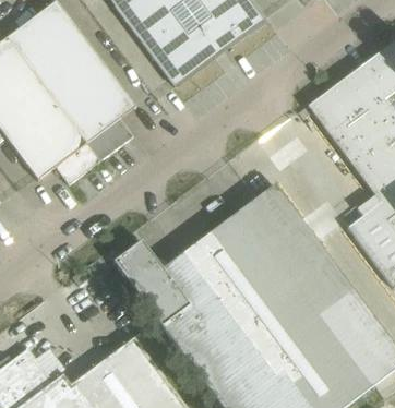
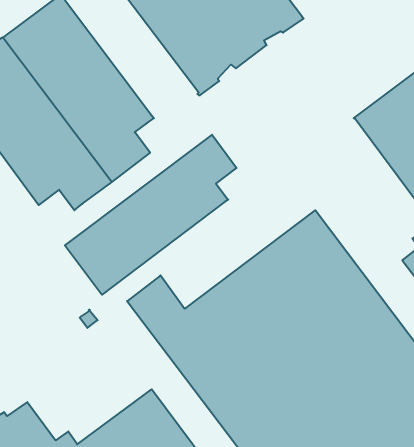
building: none -> [65,135,237,295]

